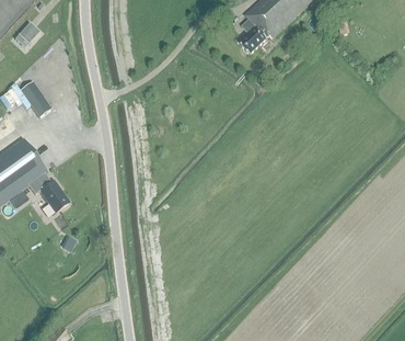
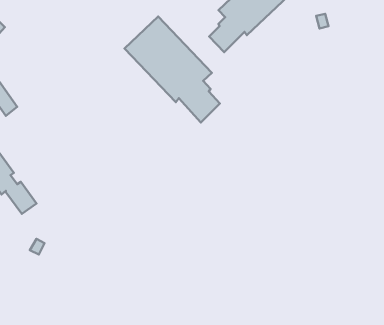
building: none -> [124,16,220,122]

